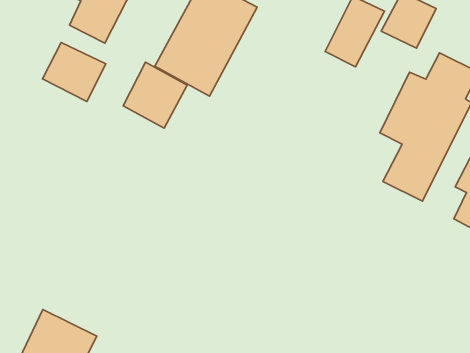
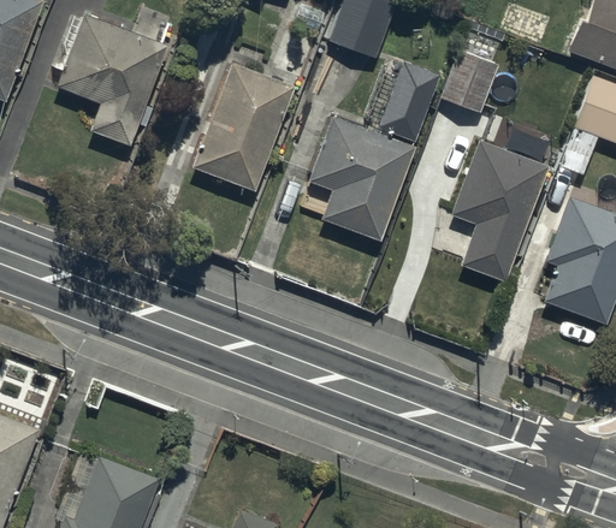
building: none -> [307,114,417,244]
building: [43,42,106,101] -> none
building: [123,62,187,128] -> none

